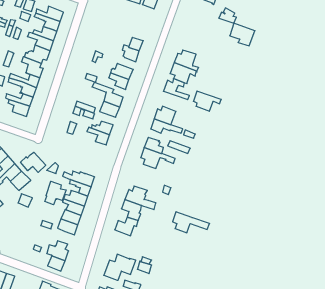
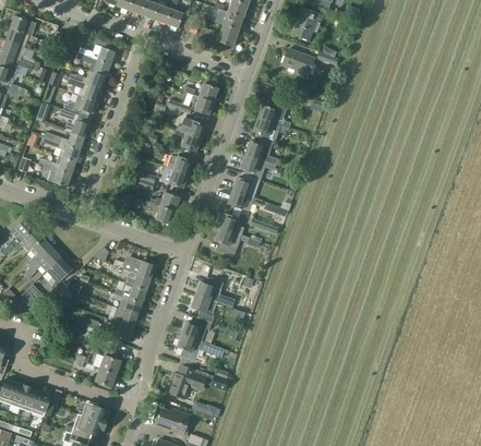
building: [230,23,255,46] -> [281,48,314,77]
building: [193,91,221,111] -> [240,154,276,180]
building: [21,152,46,172] -> none
building: [45,181,66,205] -> none
building: [173,212,210,233] -> [177,334,225,361]

